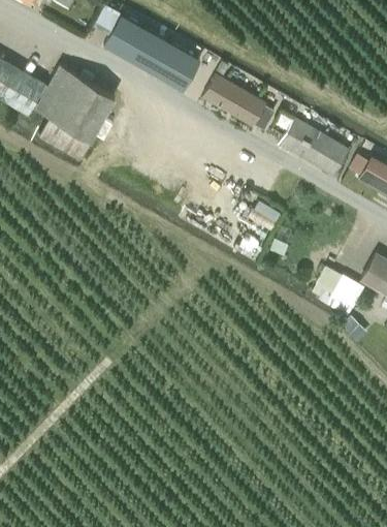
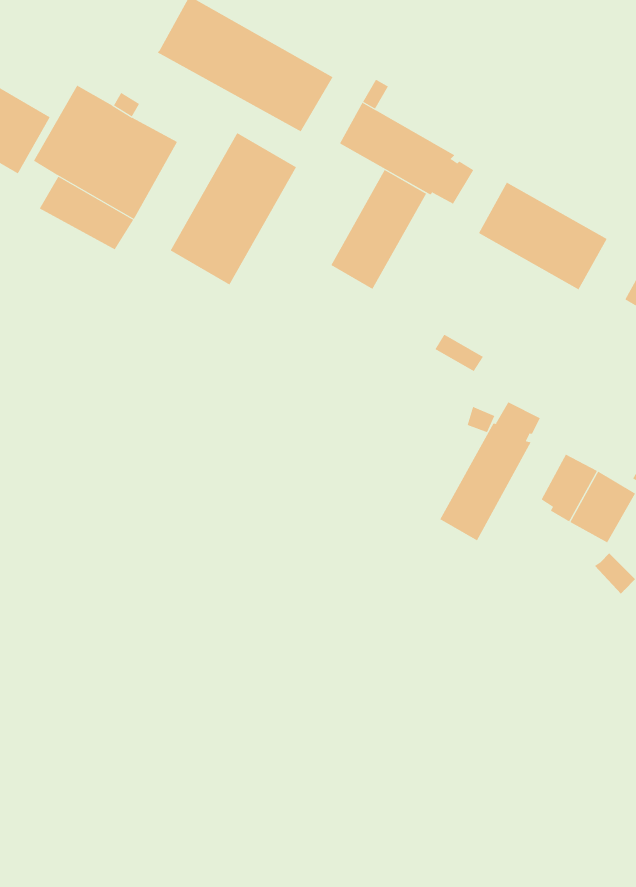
building: none -> [170,132,297,285]
building: none -> [330,169,427,290]
building: none -> [439,401,541,541]

